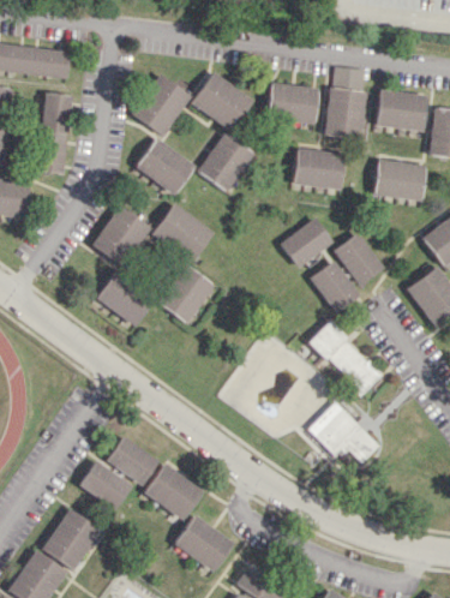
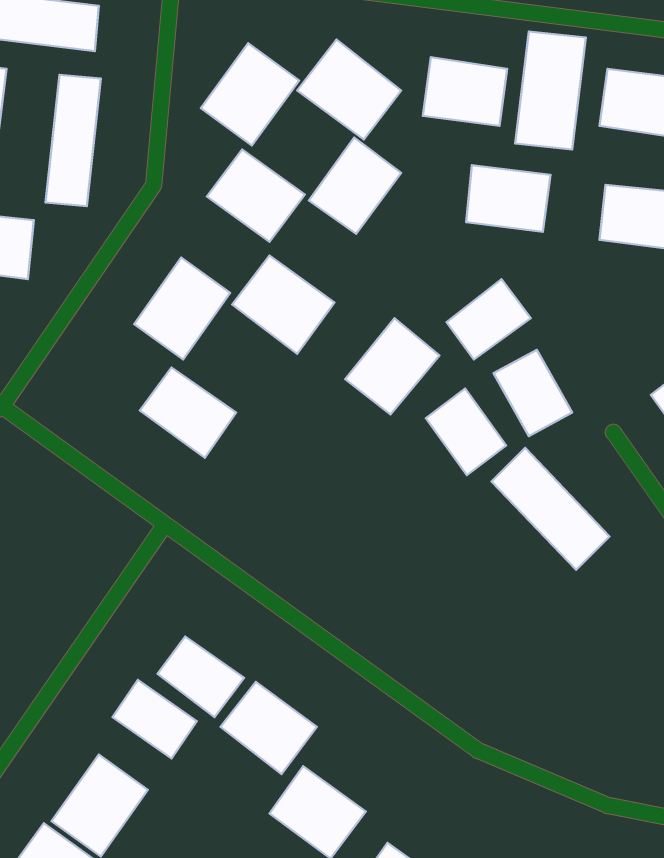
building: [335,232,384,285] -> [426,389,506,475]
building: [157,264,215,323] -> [345,318,440,414]
building: [307,402,378,464] -> none

